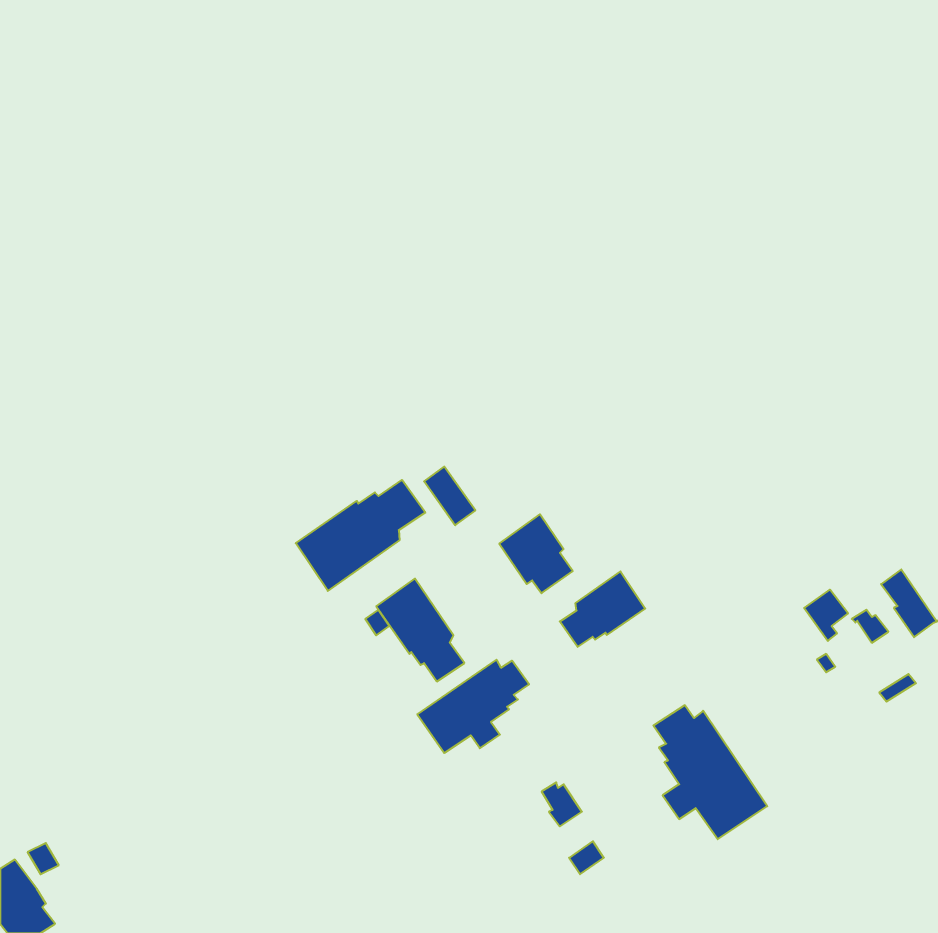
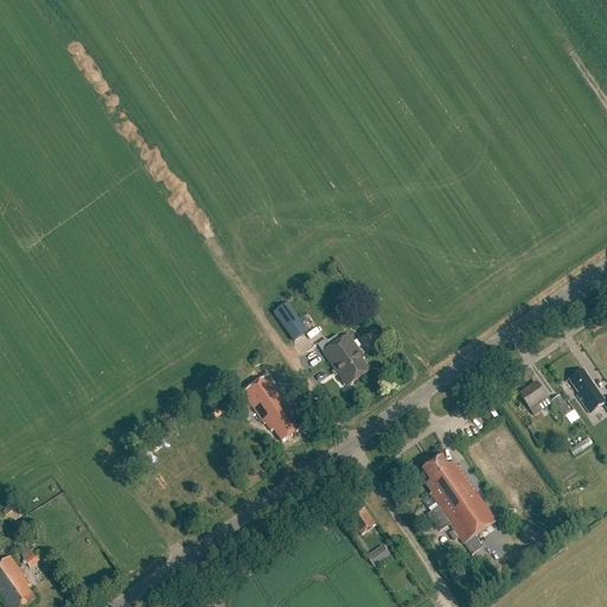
building: [296,480,425,591] -> none
building: [560,571,645,647] -> none
building: [417,660,529,753] -> none

